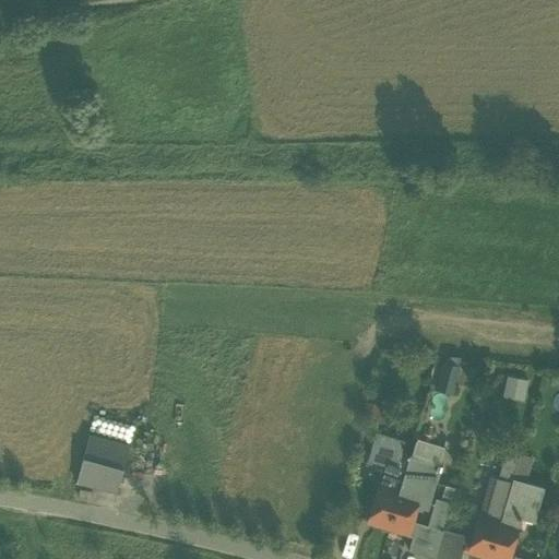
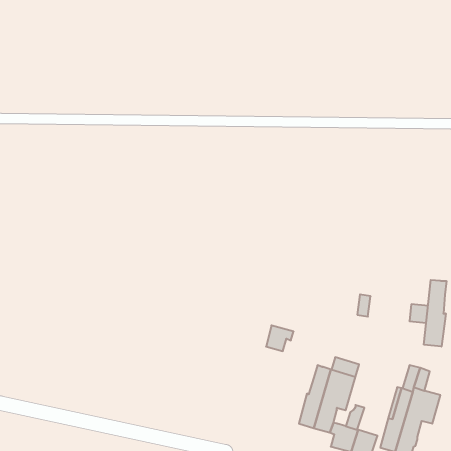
building: none -> [424,280,446,347]
building: [368,436,402,467] -> [266,325,294,351]
building: [78,438,129,495] -> none

